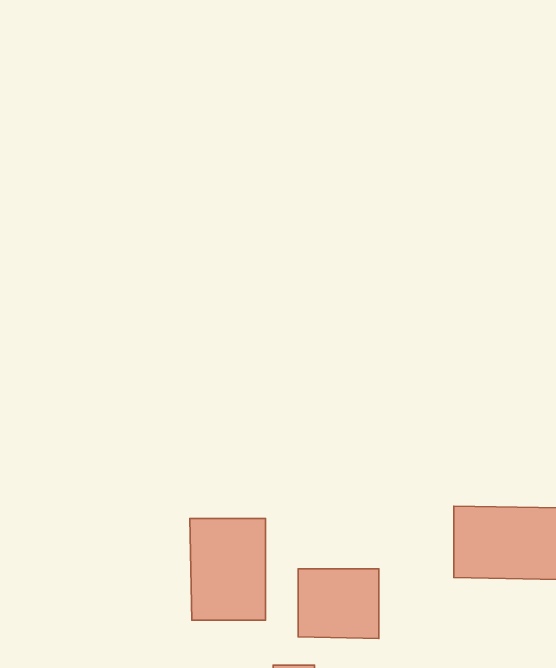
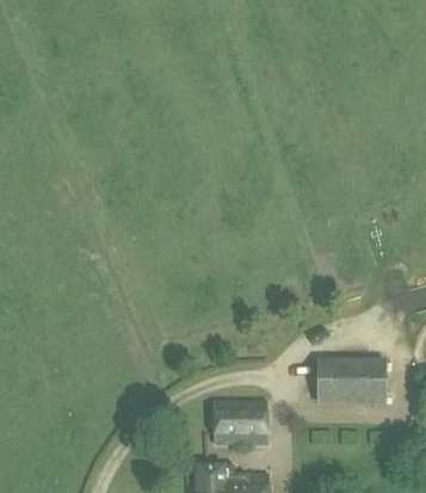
building: [190,519,265,620] -> none

